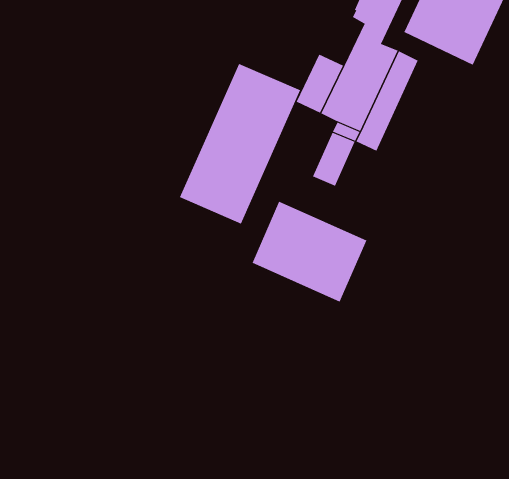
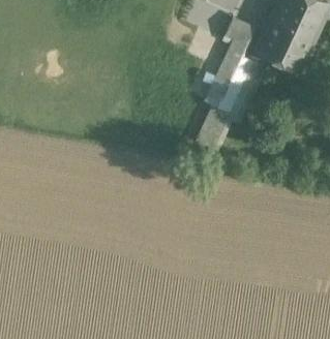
building: [179,63,301,225] -> none
building: [252,201,367,302] -> none

